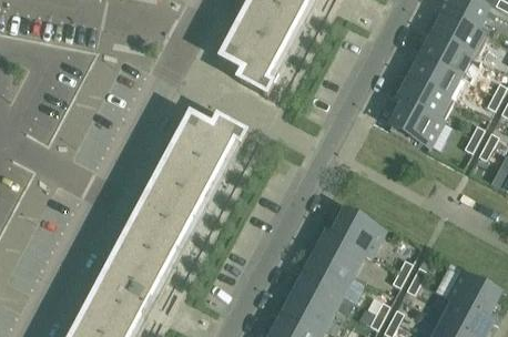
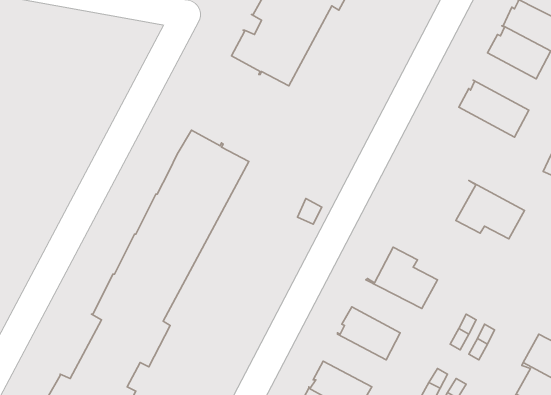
building: [410,52,459,96] -> none
building: [389,94,443,140] -> [456,180,524,239]
building: [316,228,370,269] -> none
building: [294,270,343,312] -> none

